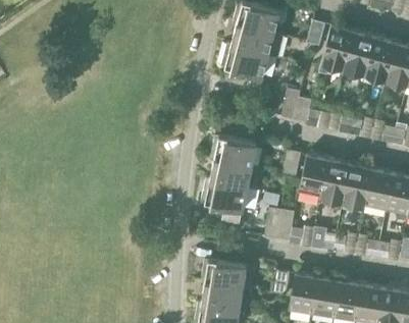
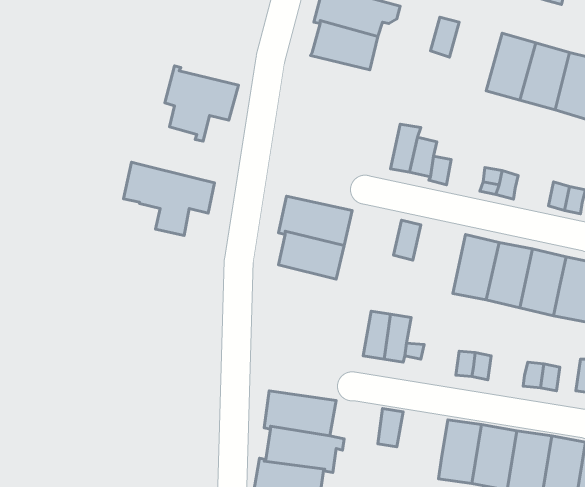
building: [322,26,354,68] -> none
building: [222,43,269,91] -> [165,66,238,141]
building: [300,155,330,198] -> none
building: [202,178,260,225] -> [124,162,215,236]
building: [291,274,319,316] -> none

